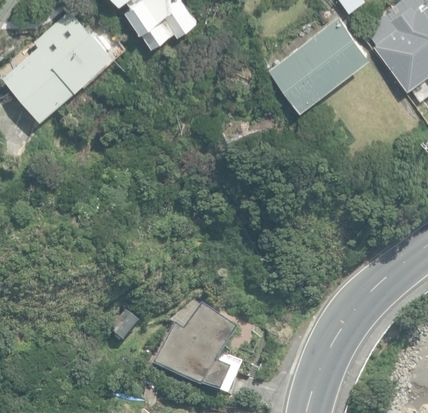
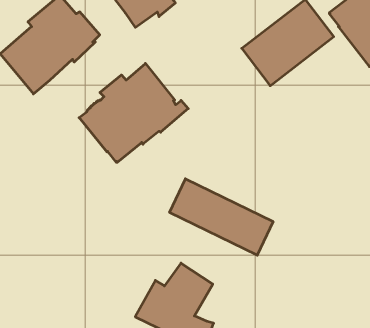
building: none -> [79,63,188,162]
building: none -> [170,179,273,255]

